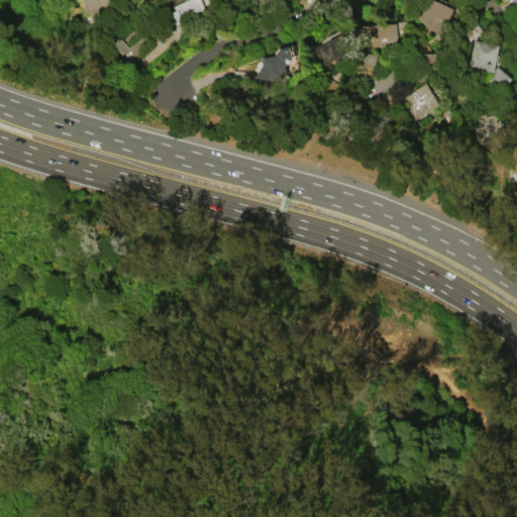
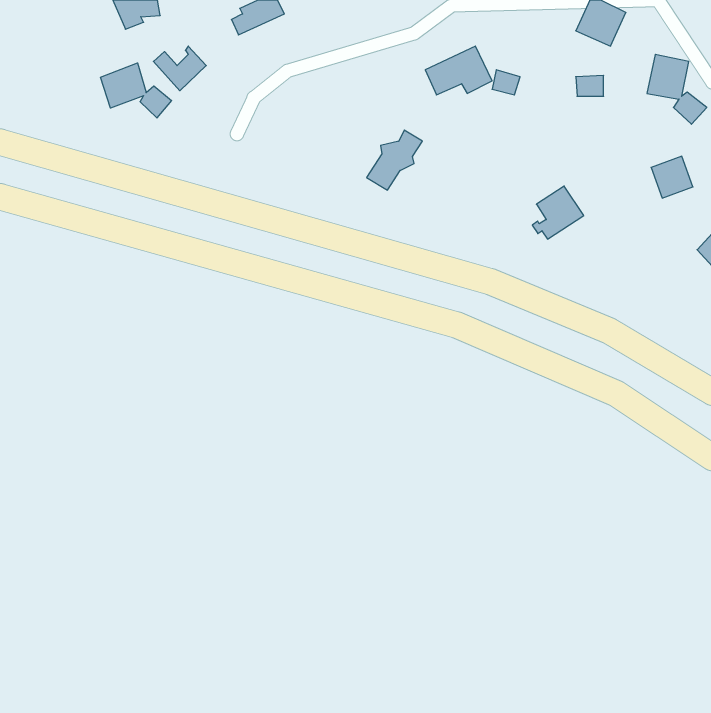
building: [366,23,399,45] -> none
building: none -> [101,63,172,118]
building: [252,47,293,91] -> [367,130,422,190]
building: [403,83,440,121] -> [532,186,584,239]

